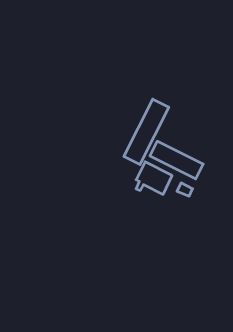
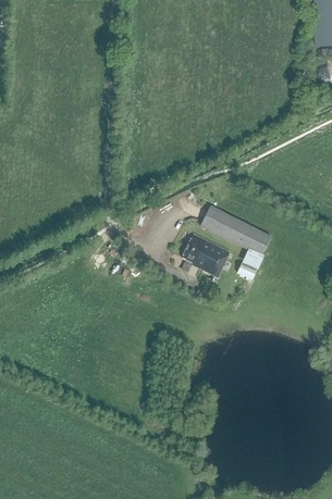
building: [124,99,169,165] -> none

